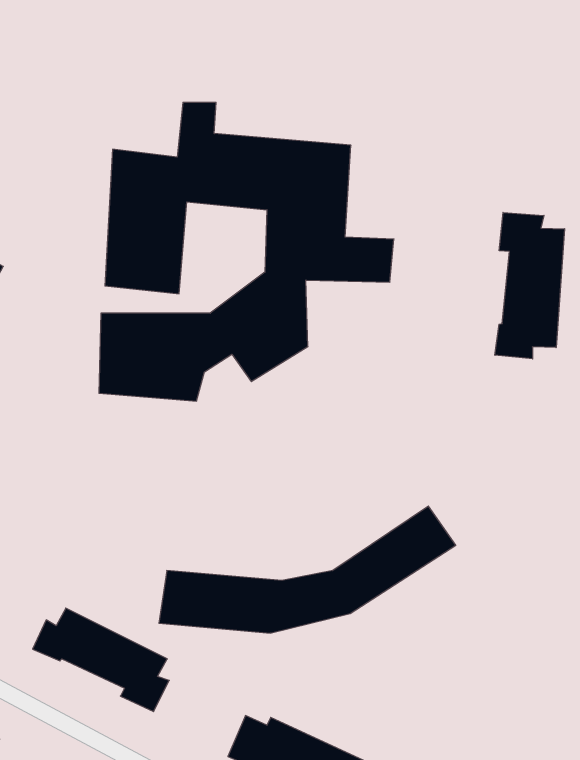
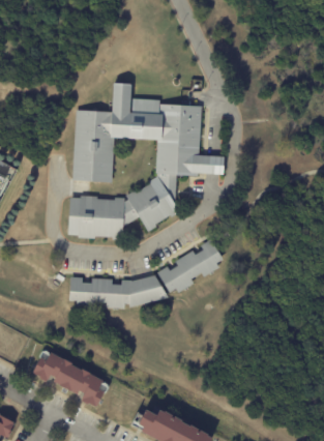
building: [495,212,565,359] -> none
building: [159,506,456,633] -> [66,241,224,308]

